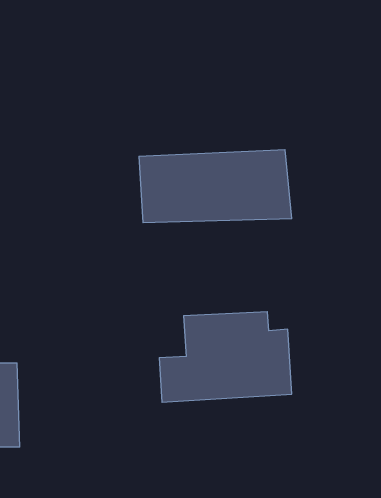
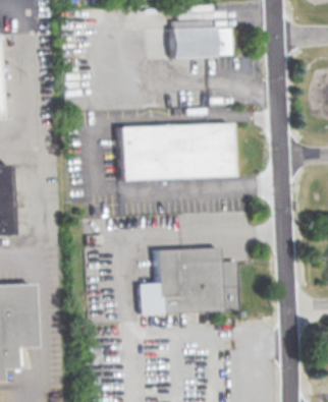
building: none -> [173,25,234,56]

